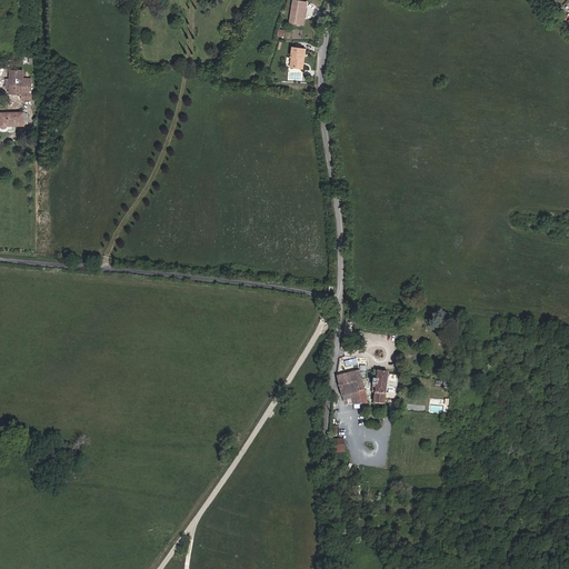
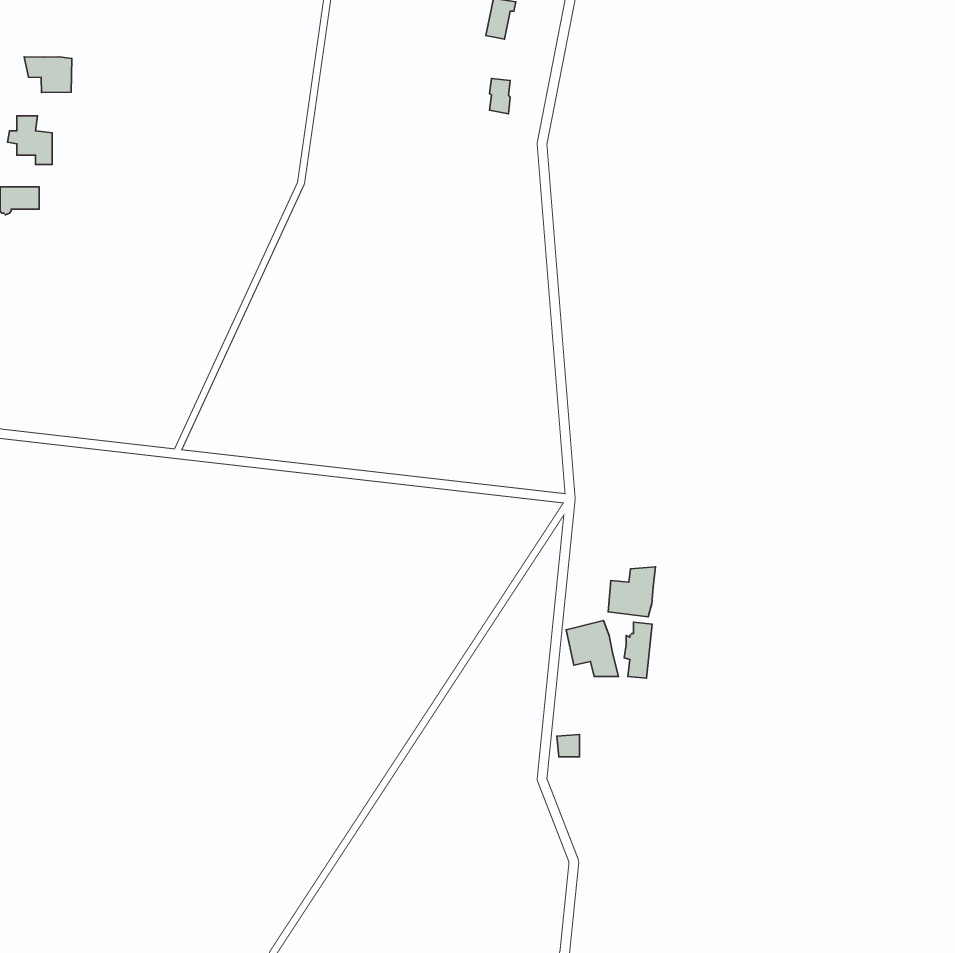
building: none -> [24,57,72,93]
building: none -> [608,567,656,617]

